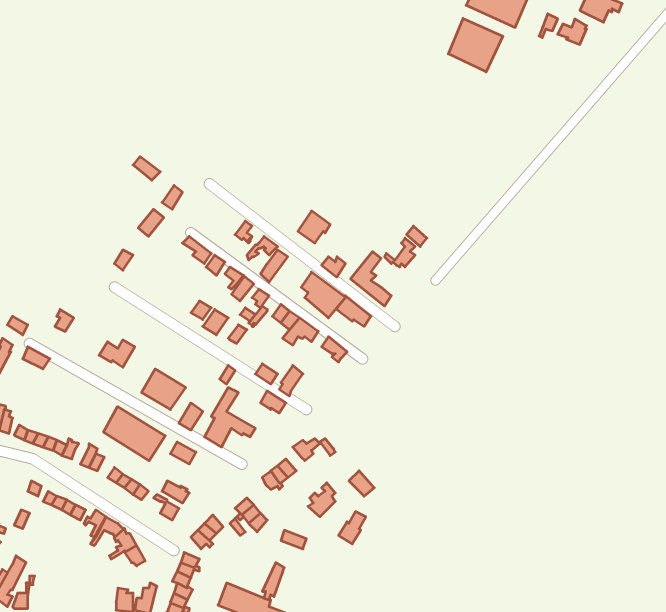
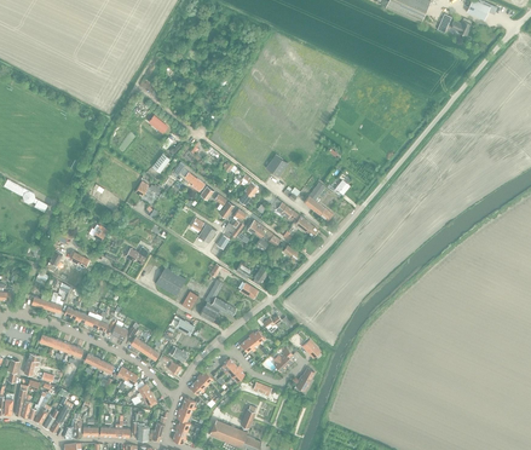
building: [448,18,503,72] -> none
building: [104,407,165,461] -> none

